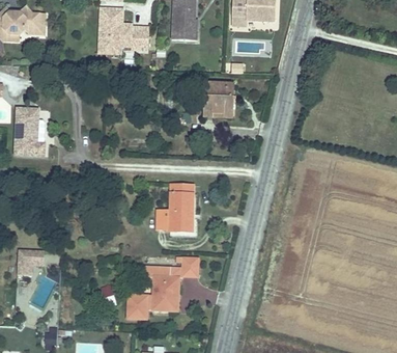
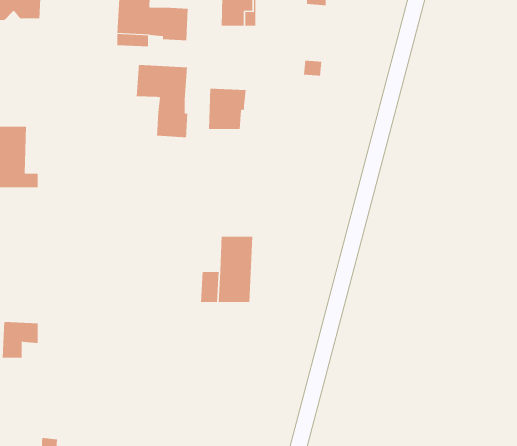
building: none -> [136,64,188,138]
building: [206,80,233,109] -> [208,88,246,129]
building: [126,255,198,318] -> none

